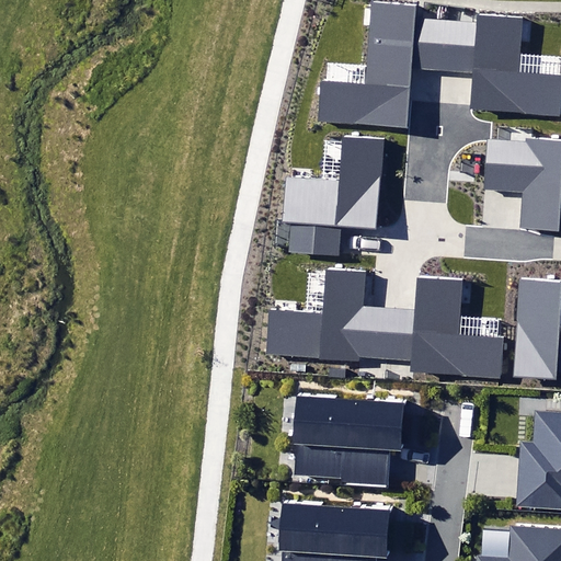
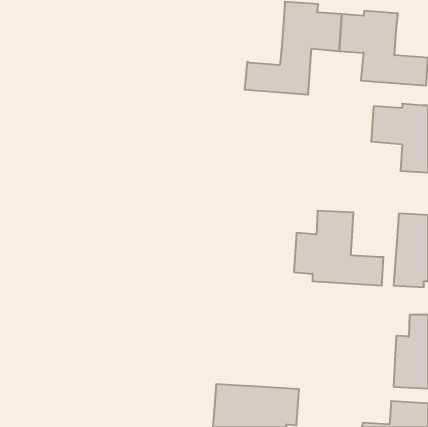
building: [284,139,380,257] -> none
building: [263,270,388,360] -> none
building: [293,397,405,488] -> none

